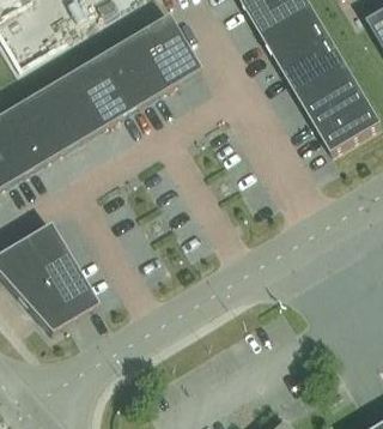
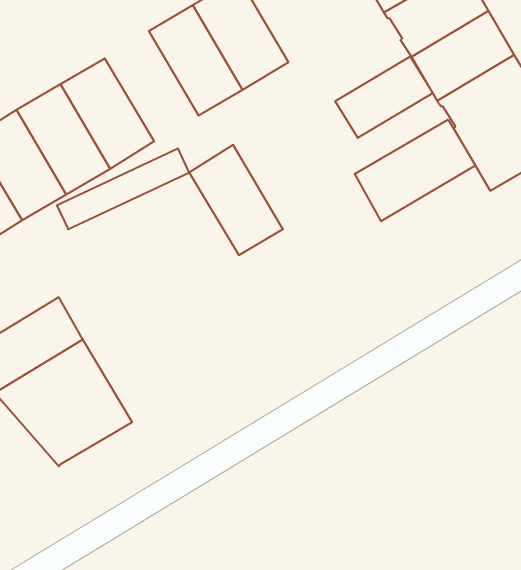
building: [79,48,140,120] -> [189,145,283,255]
building: none -> [335,56,433,138]
building: none -> [355,120,475,221]

